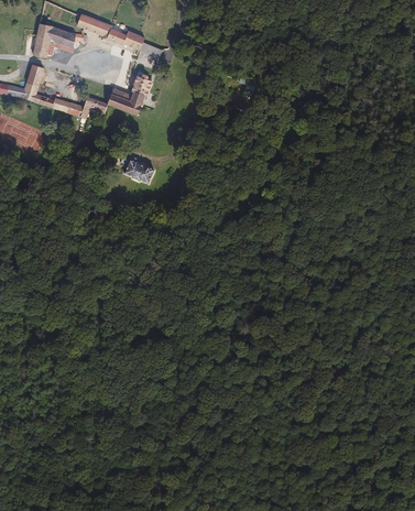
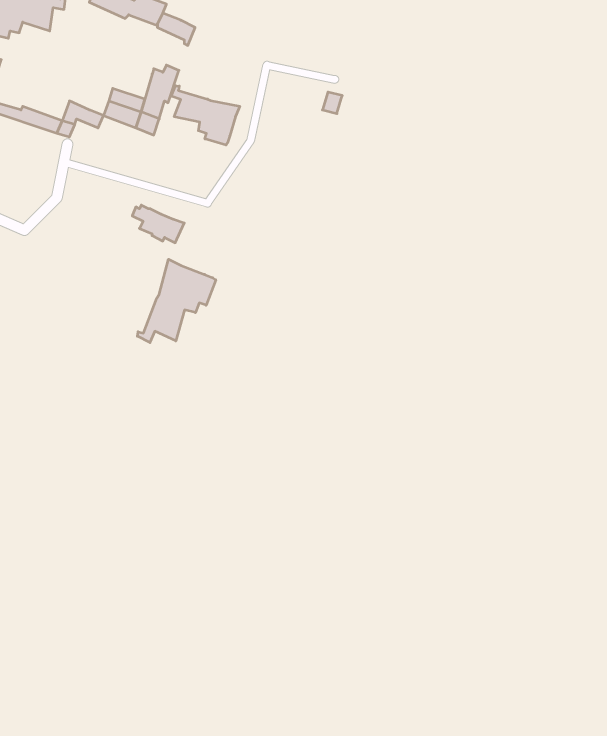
building: none -> [171,86,240,145]
building: none -> [137,259,216,343]

